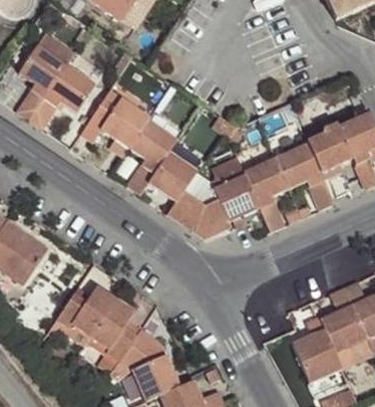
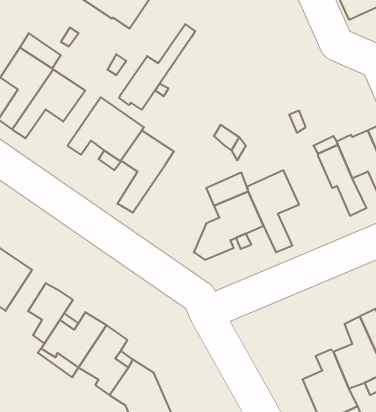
building: none -> [119,24,195,110]
building: [276,143,334,208] -> none
building: [147,151,206,230] -> none
building: none -> [28,283,73,343]

